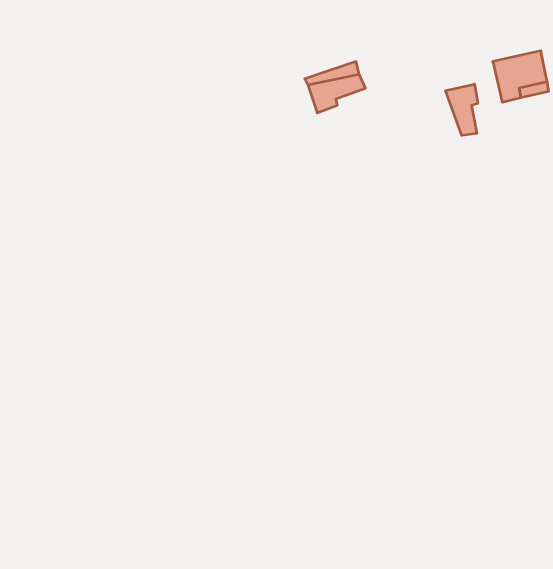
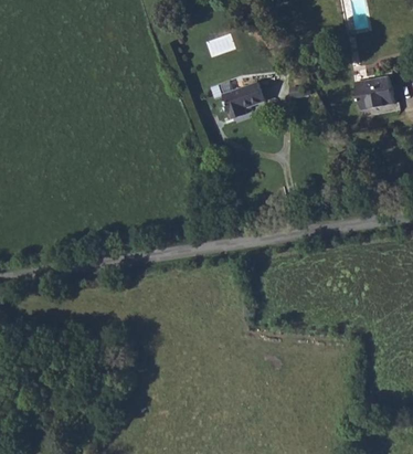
building: [446,84,478,135] -> none

